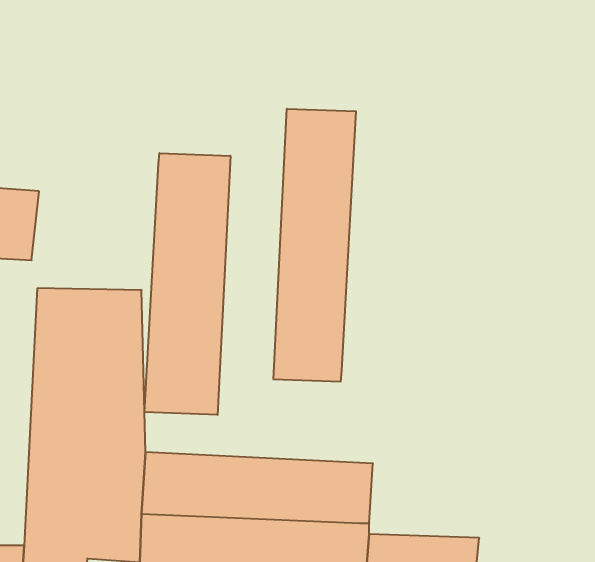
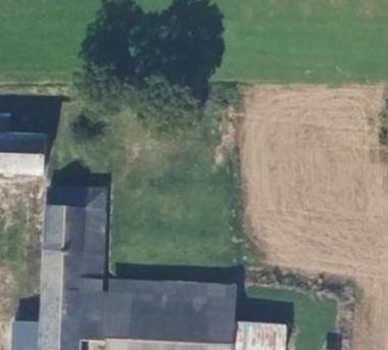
building: [274,109,356,382] -> none
building: [144,153,230,415] -> none

